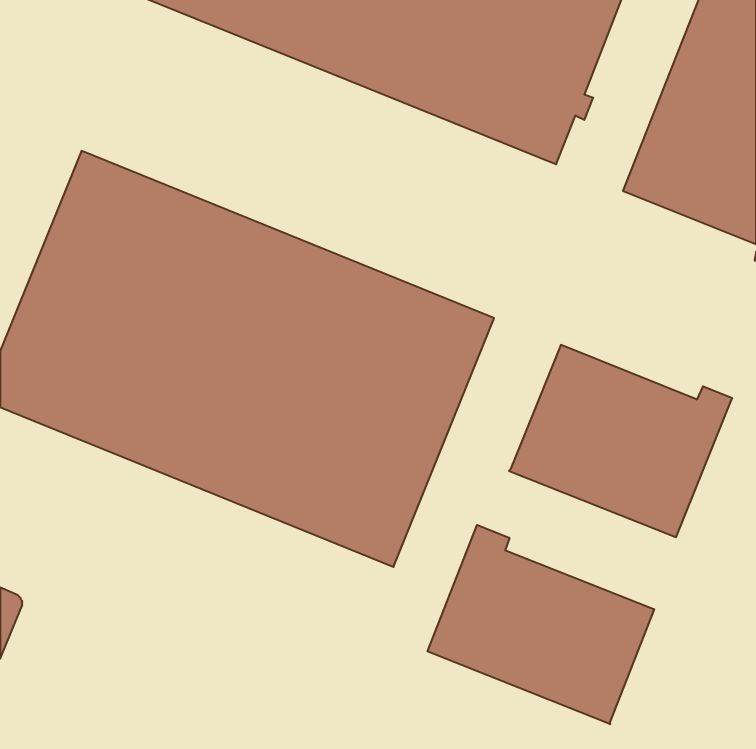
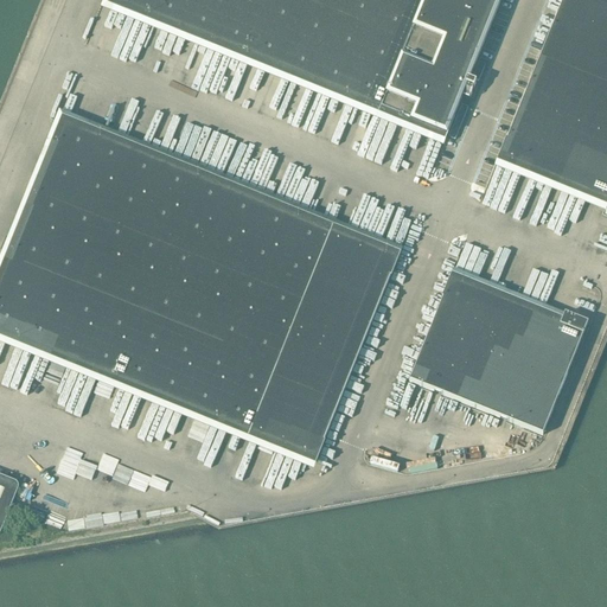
building: [428,525,654,724] -> none

